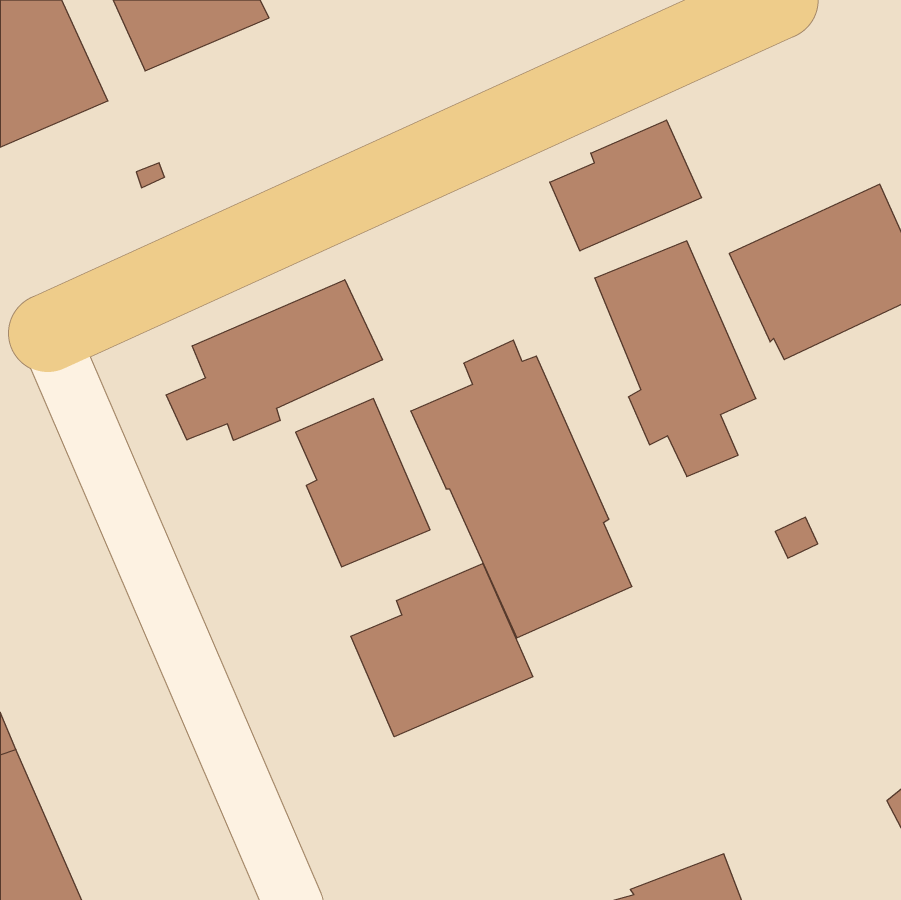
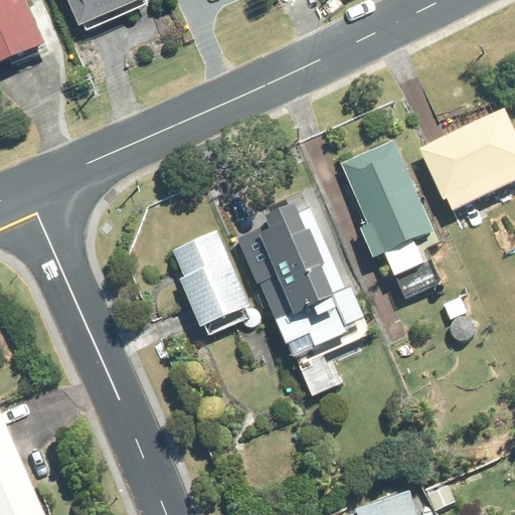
building: [550,120,701,251] -> none
building: [166,280,382,440] -> none
building: [351,563,533,737] -> none

